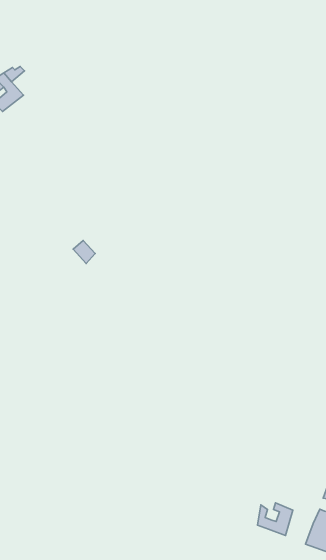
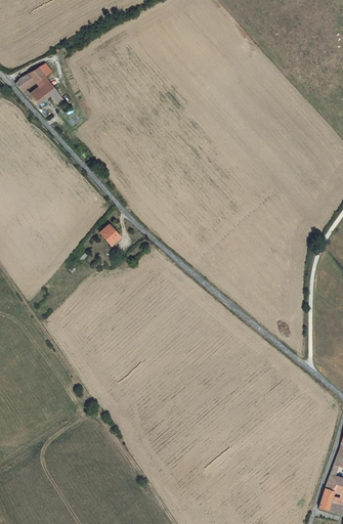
building: [257,503,293,535] -> none

